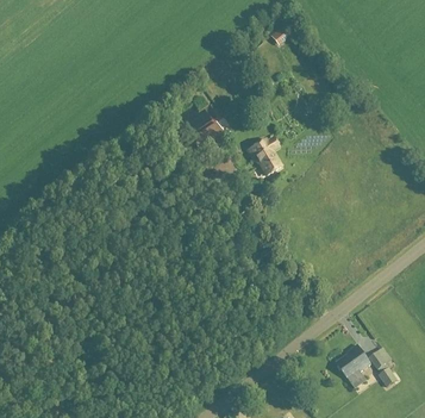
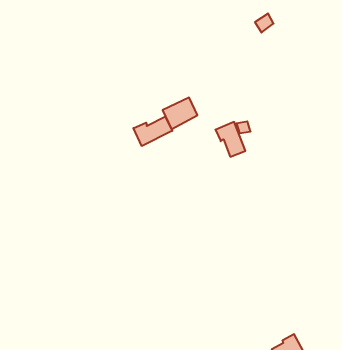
building: none -> [133,117,172,146]

